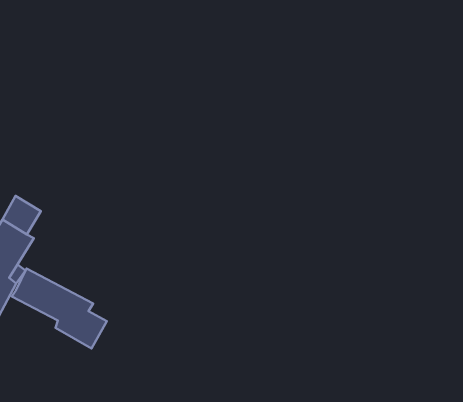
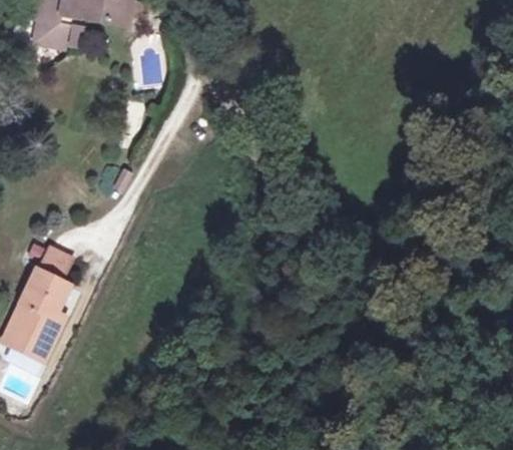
building: [12,268,107,349] -> none

